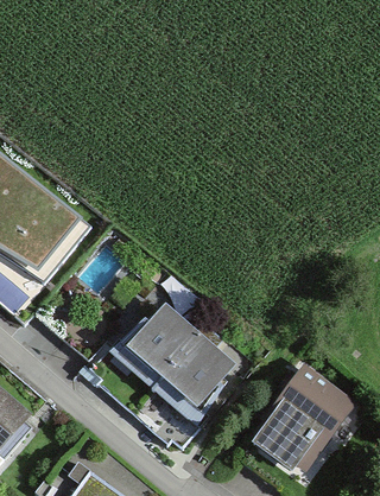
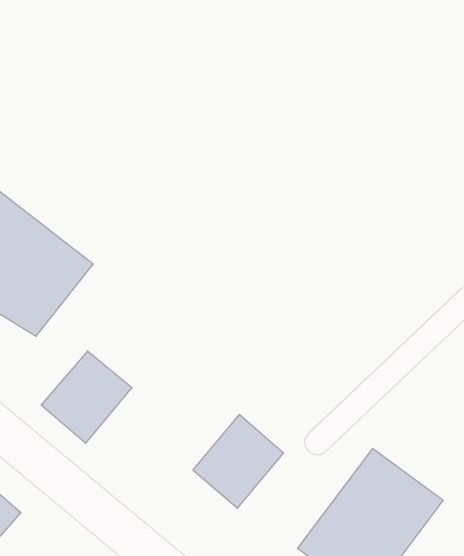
building: [133,309,203,380] -> [41,351,132,443]

